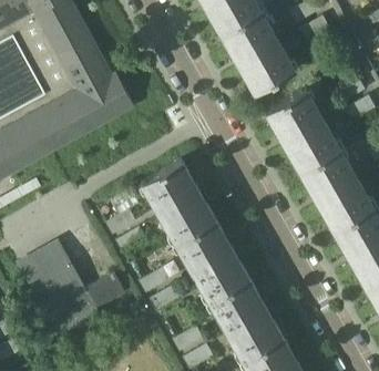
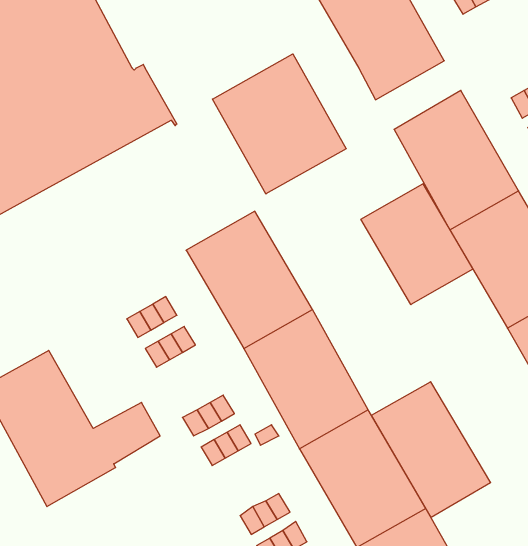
building: none -> [212,54,346,194]
building: none -> [361,184,473,305]
building: none -> [372,382,491,518]

